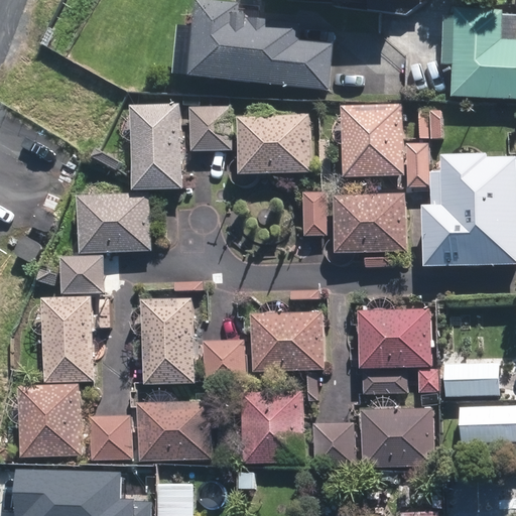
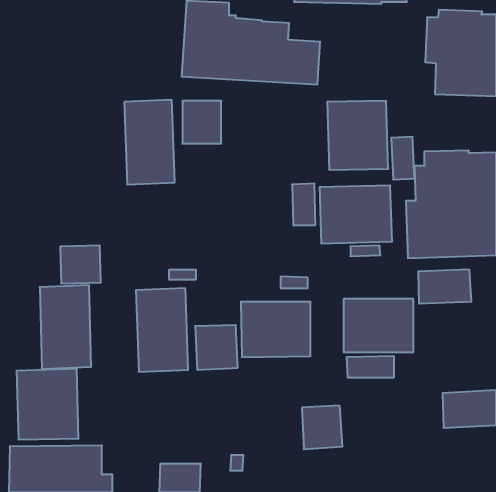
building: [237,114,310,174] -> none
building: [79,194,153,253] -> none
building: [444,362,500,397] -> [418,270,471,304]
building: [240,389,305,464] -> none
building: [138,400,213,461] -> none
building: [360,408,434,468] -> none
building: [90,414,133,460] -> none

